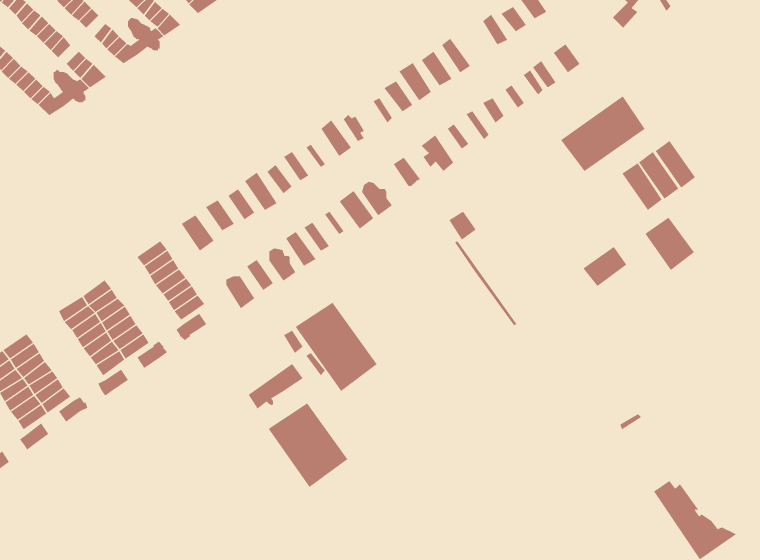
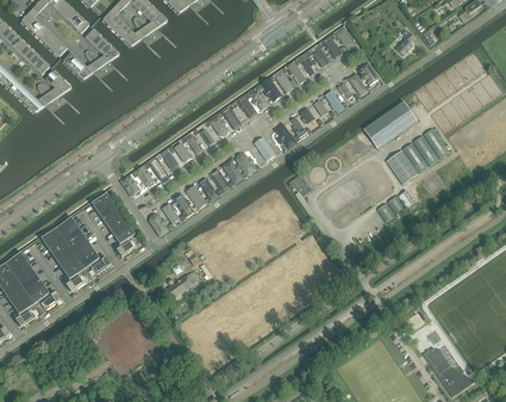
building: [645,217,695,271] -> [386,149,418,184]
building: [295,302,378,392] -> none
building: [268,403,348,488] -> none

